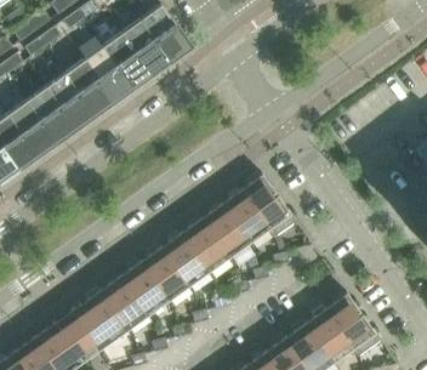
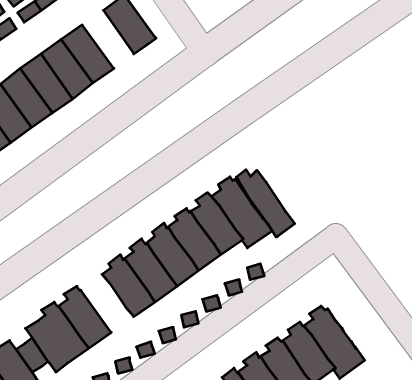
building: [121,19,169,73] -> none
building: none -> [236,170,295,237]
building: [120,258,169,315] -> none

